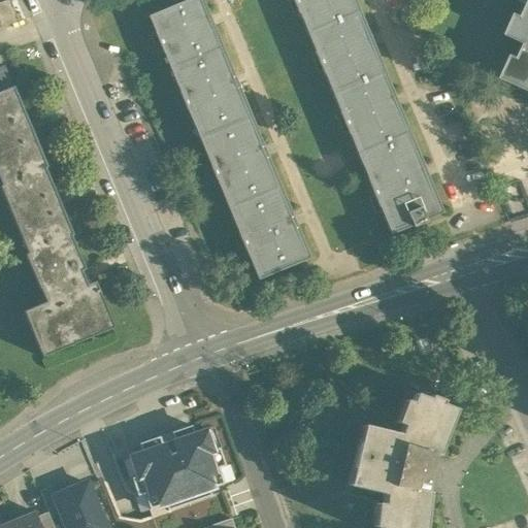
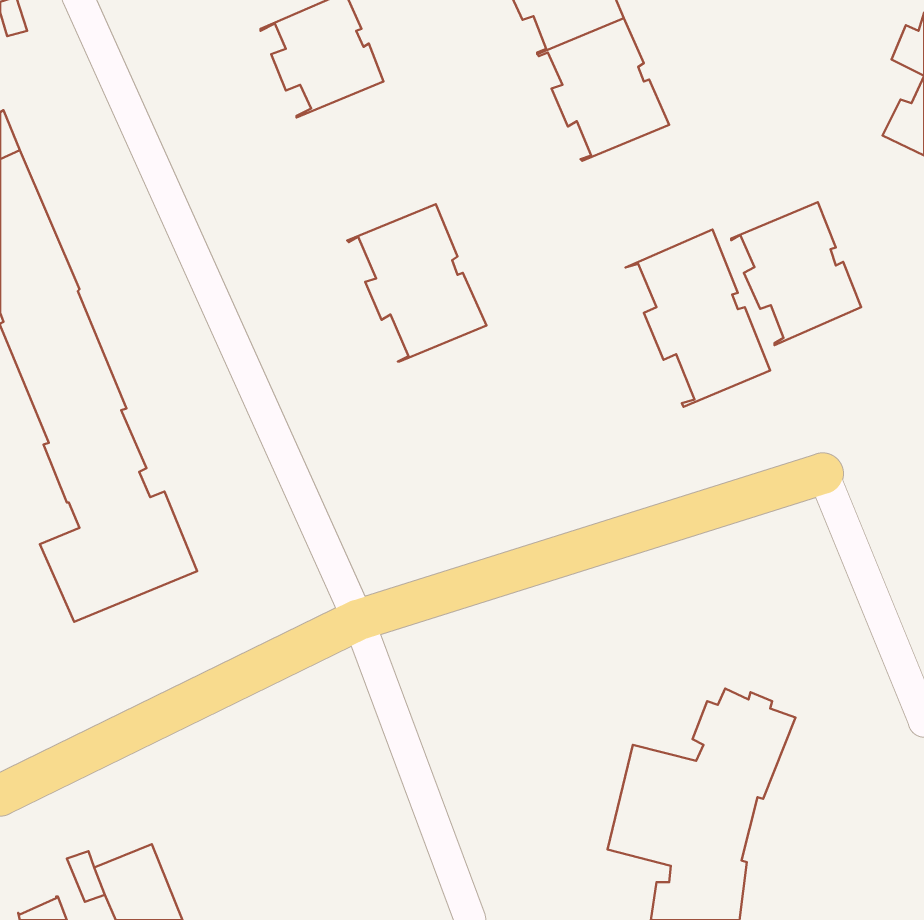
building: [169,46,249,137] -> none
building: [332,71,406,153] -> [731,202,861,345]
building: [228,186,306,276] -> none
building: [130,426,224,510] -> none

